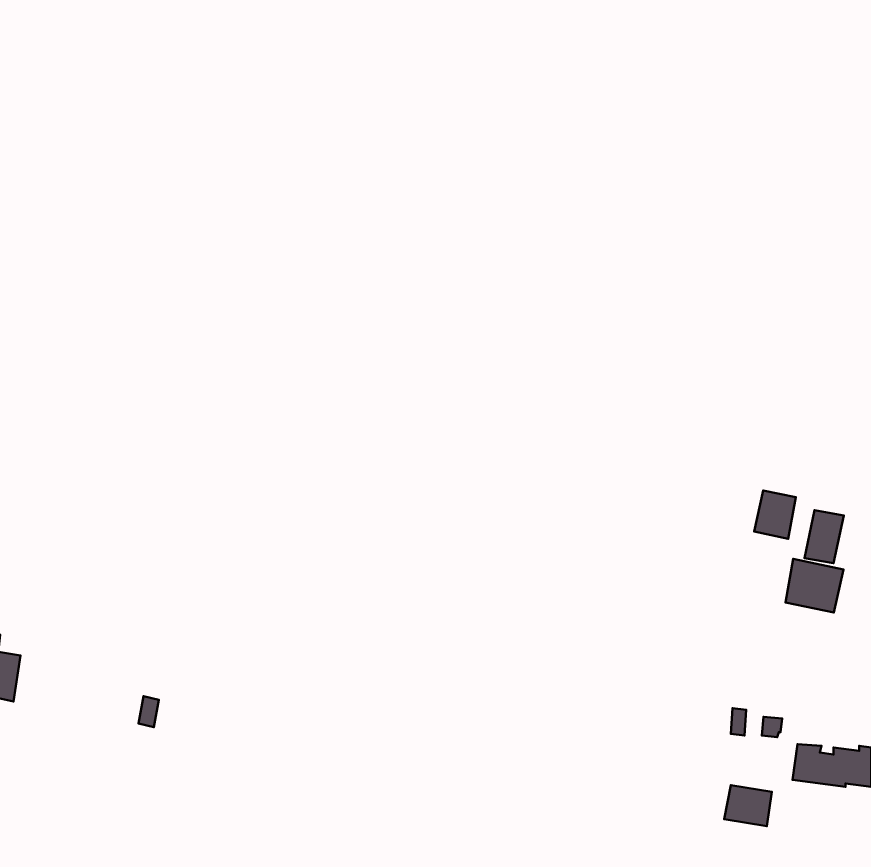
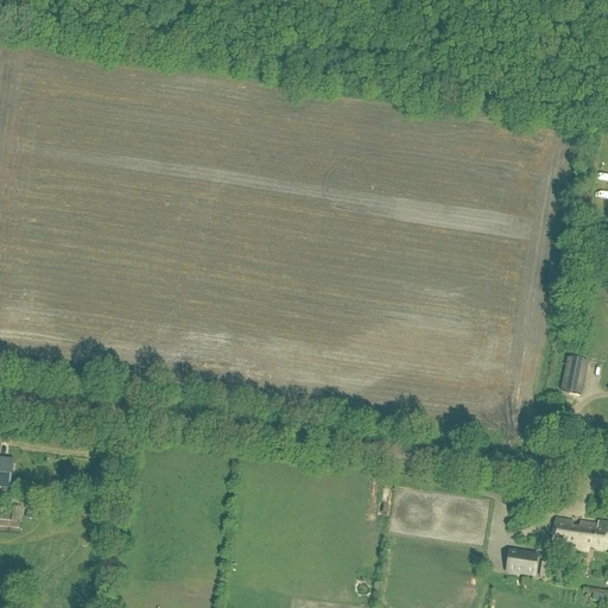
building: [754,490,796,539] -> none
building: [786,559,843,612] -> none

